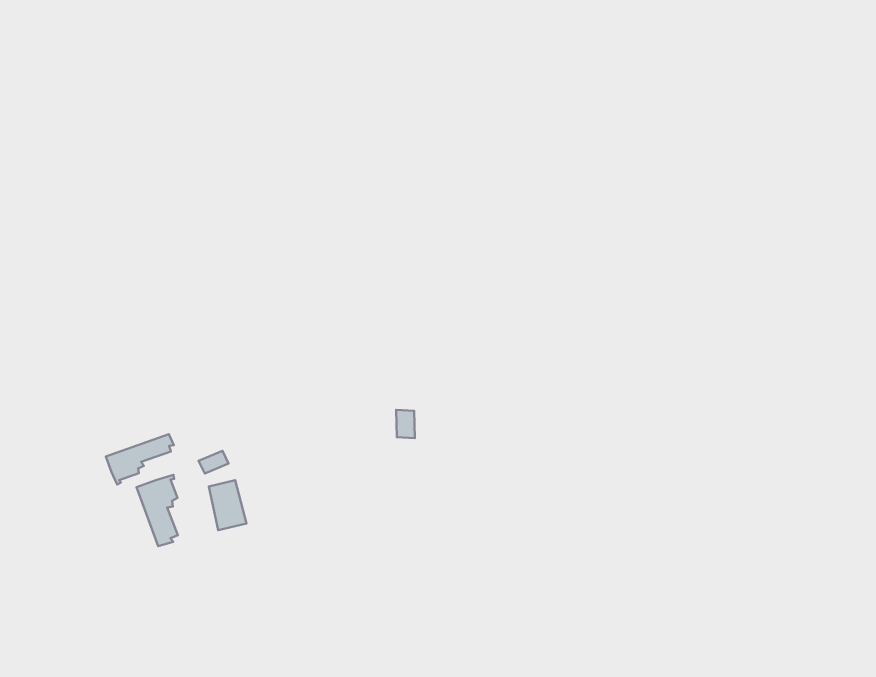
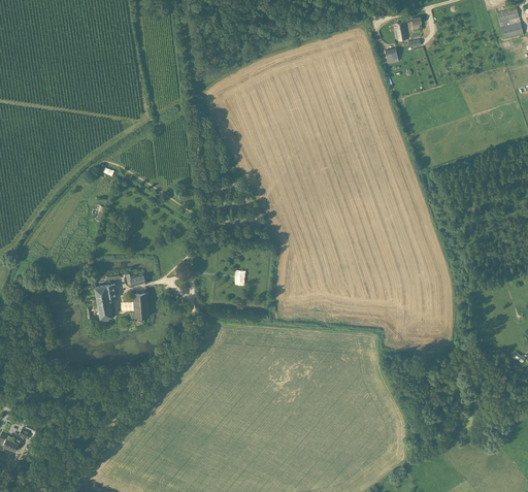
building: [106,434,174,484] -> none

